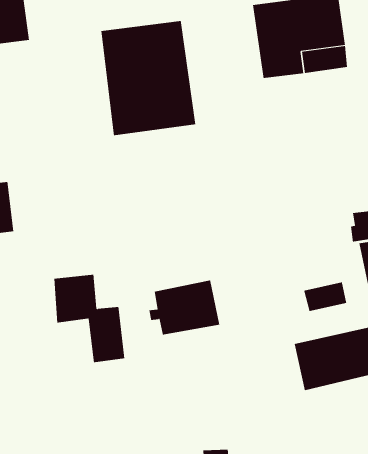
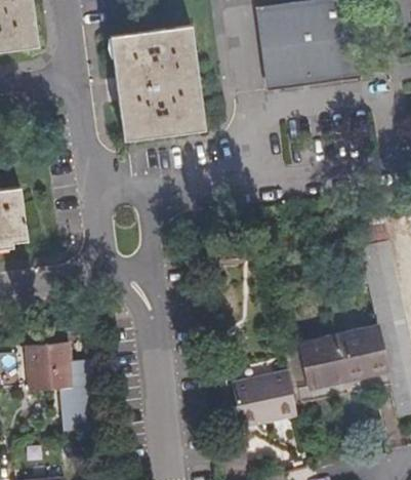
building: [54,274,125,363] -> [23,343,93,430]
building: [149,280,220,335] -> [223,373,294,428]
building: [303,282,347,312] -> none

